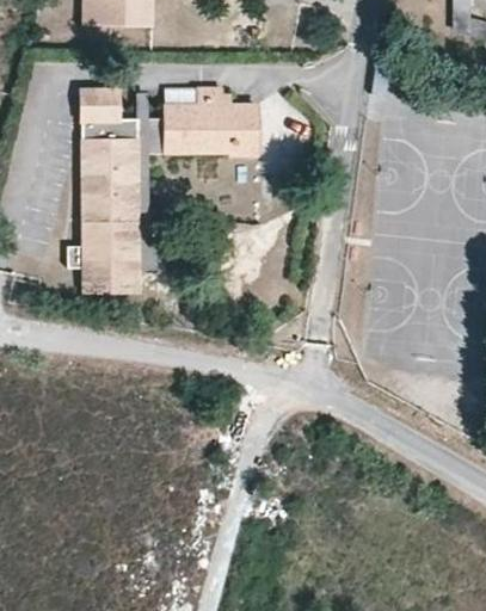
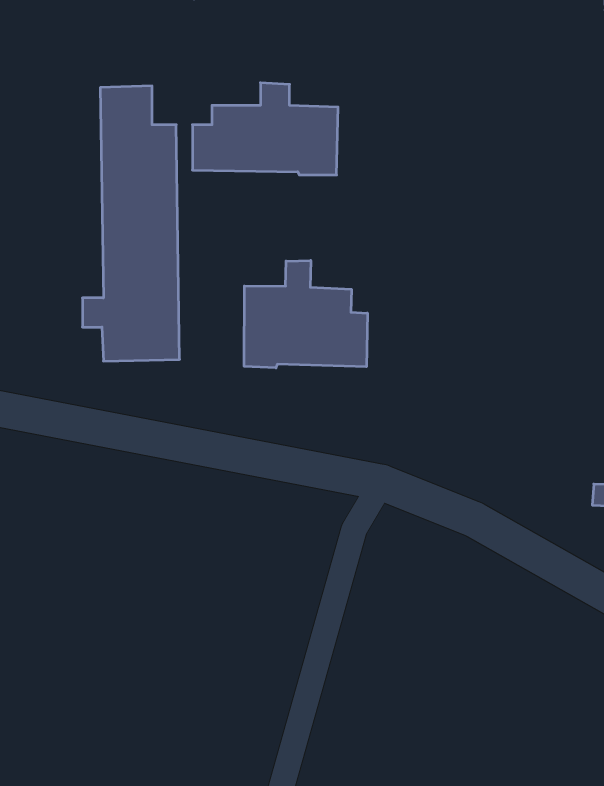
building: none -> [244,260,367,368]

